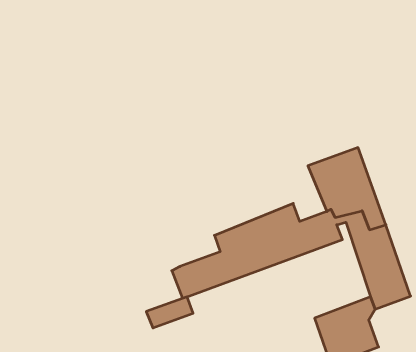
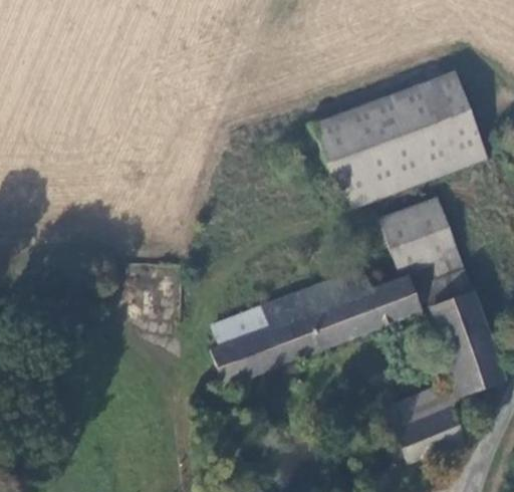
building: none -> [314,73,484,202]
building: [146,297,193,328] -> [214,306,271,344]

